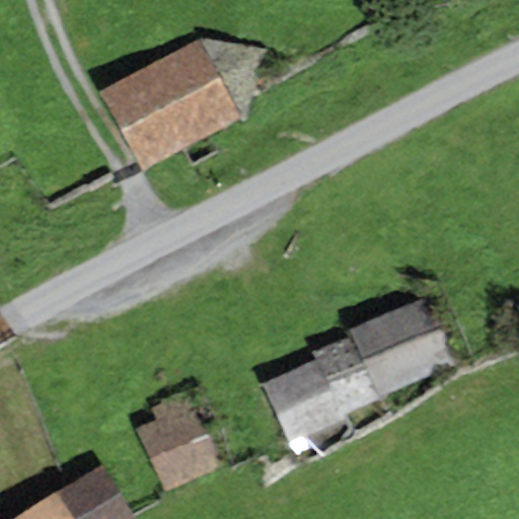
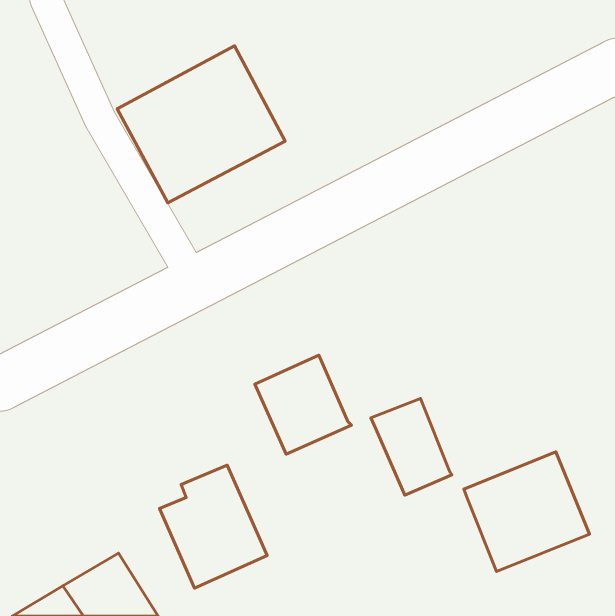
building: [352,295,457,395] -> [464,452,590,571]
building: [264,360,345,443] -> [255,355,351,454]

